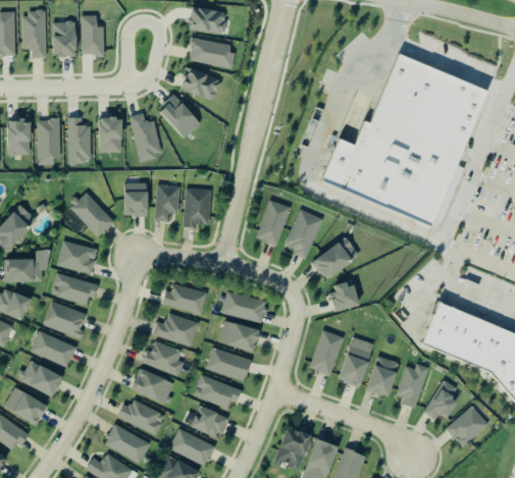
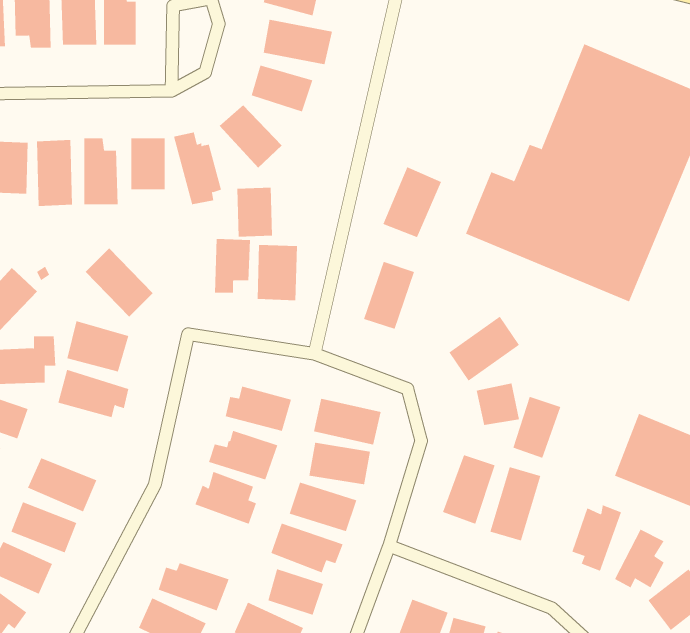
building: [124,182,149,216] -> [236,187,273,237]
building: [282,209,322,257] -> [383,166,442,238]
building: [43,301,86,339] -> none
building: [367,356,400,397] -> [512,396,561,459]
building: [131,367,173,406] -> none

